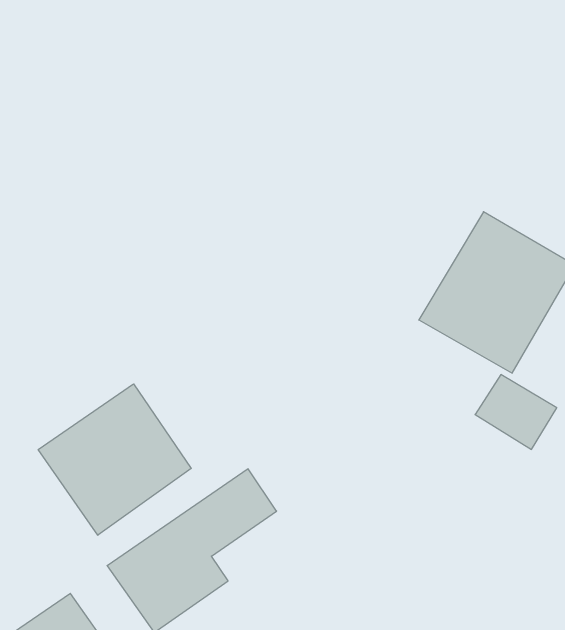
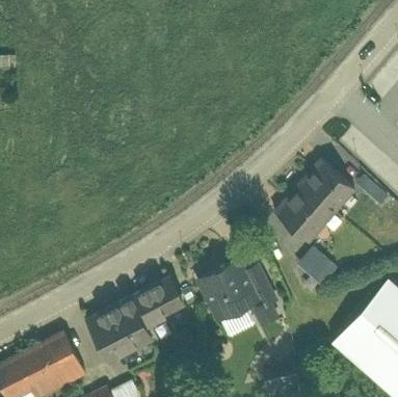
building: [38,384,191,535] -> none
building: none -> [197,260,281,325]

